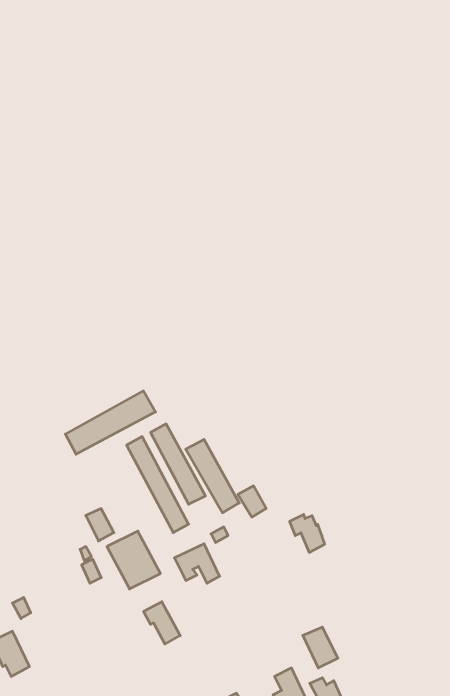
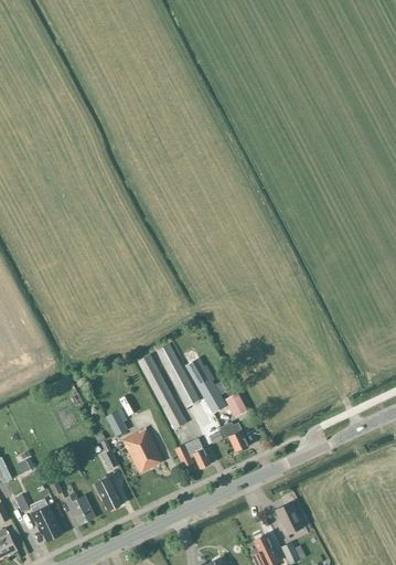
building: [65,391,156,454] -> none
building: [290,514,325,552] -> [221,422,248,451]
building: [144,602,180,644] -> [93,477,121,510]
building: none -> [65,492,95,524]

